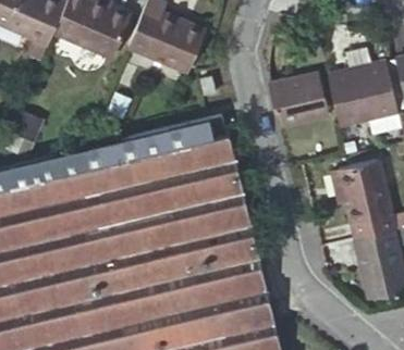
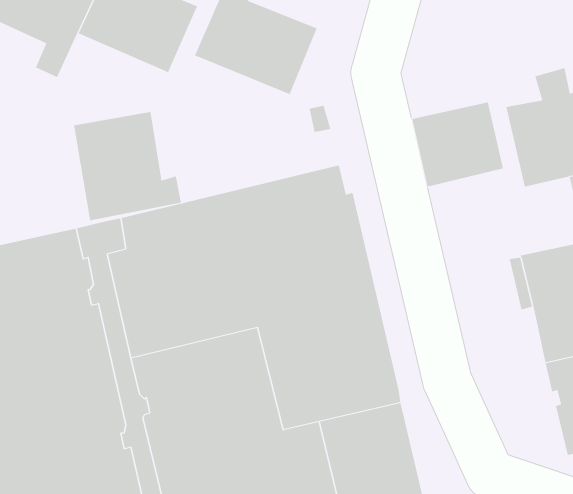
building: none -> [74,111,182,221]

